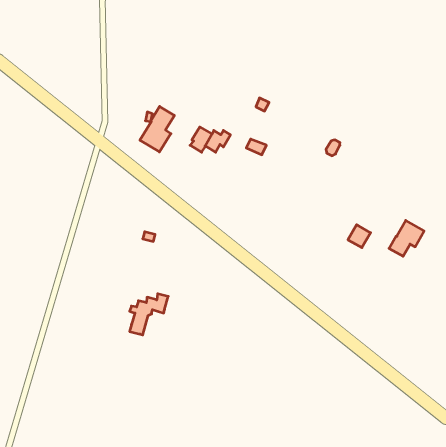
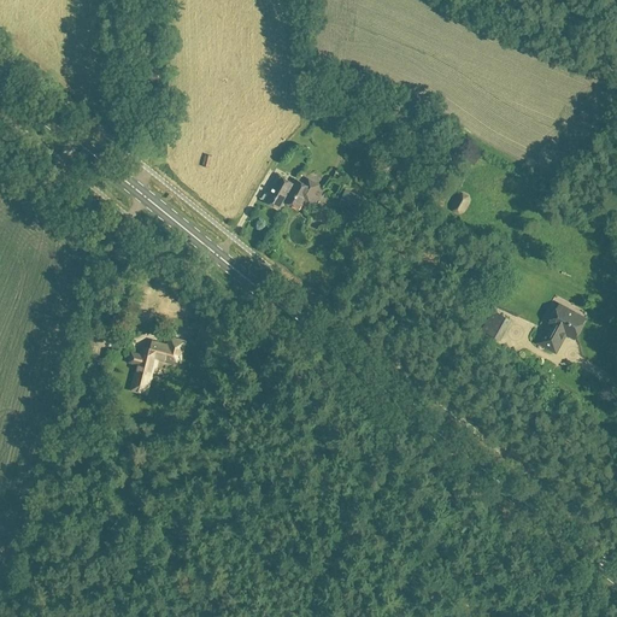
building: [140,106,174,152] -> none
building: [130,294,168,335] -> [128,337,181,394]

